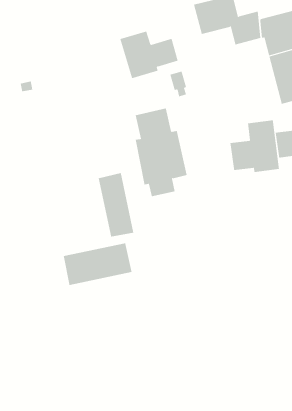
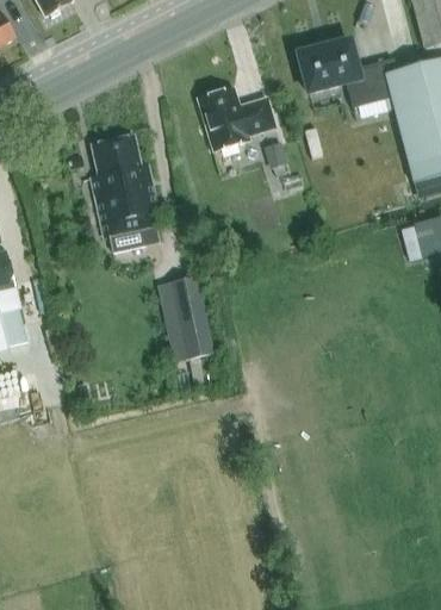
building: [135,108,187,197] -> [92,136,161,253]
building: [230,120,280,173] -> none
building: [63,243,132,286] -> none

